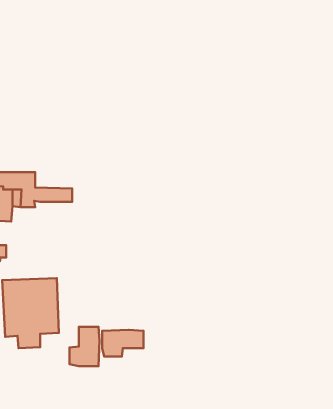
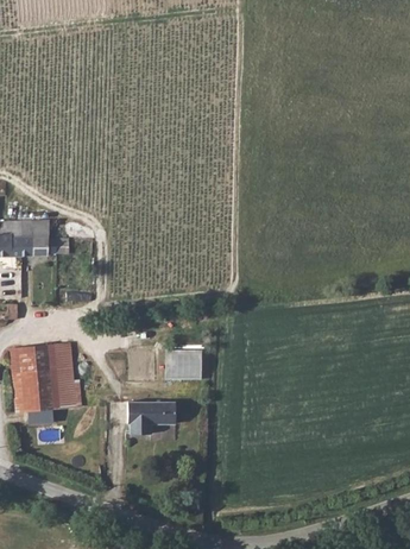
building: none -> [166,348,203,379]
building: [70,327,100,366] -> none

